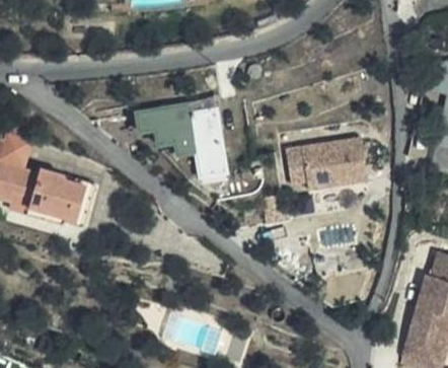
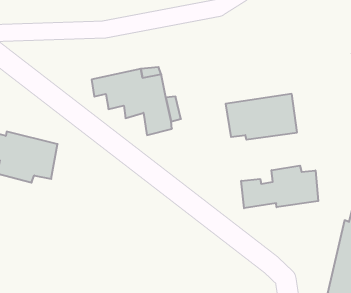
building: none -> [241,166,318,208]

